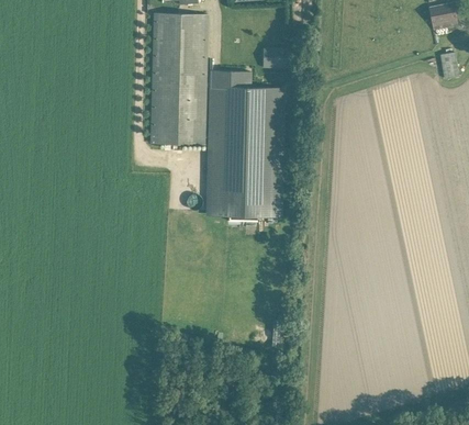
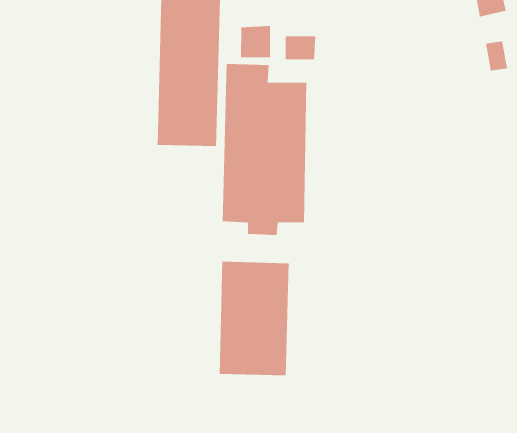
building: none -> [241,25,270,58]
building: none -> [219,261,289,376]

